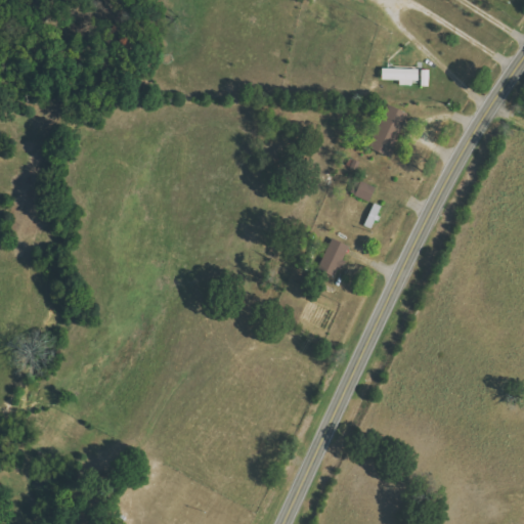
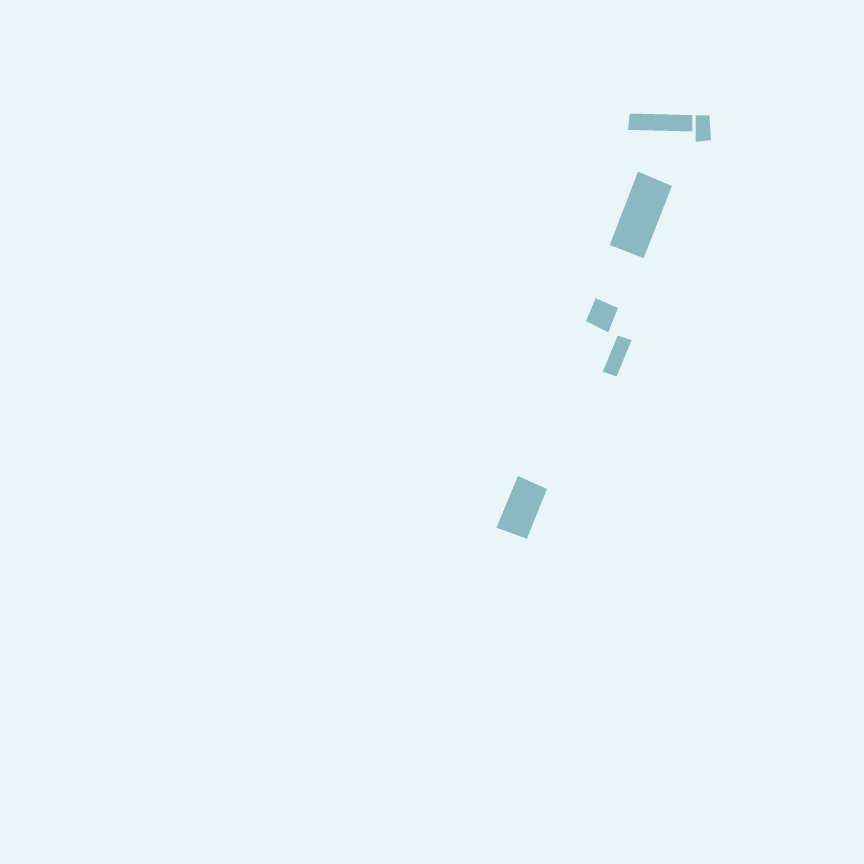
building: [317,237,349,276] -> [496,475,548,540]

